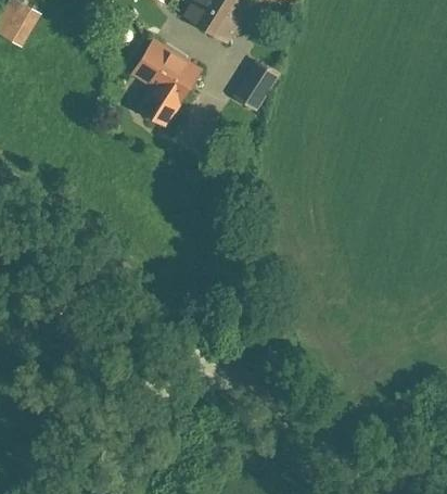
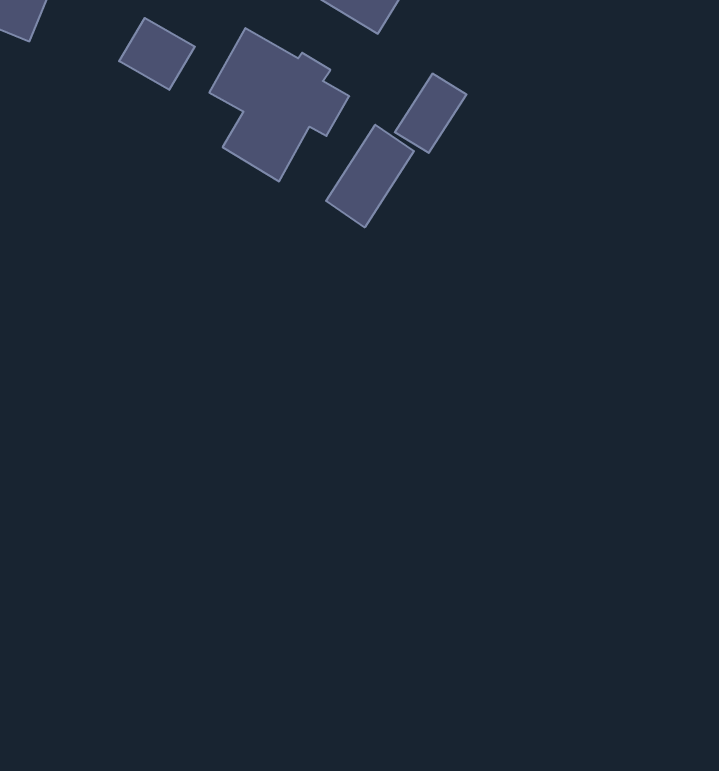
building: none -> [119,18,195,90]
building: none -> [326,125,414,227]

